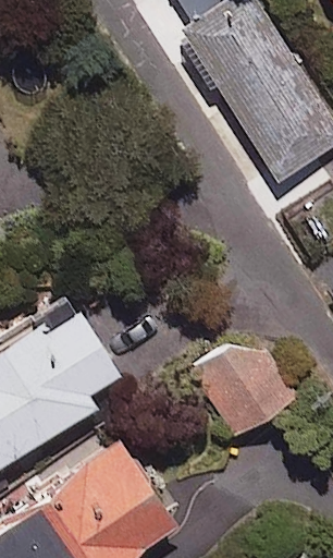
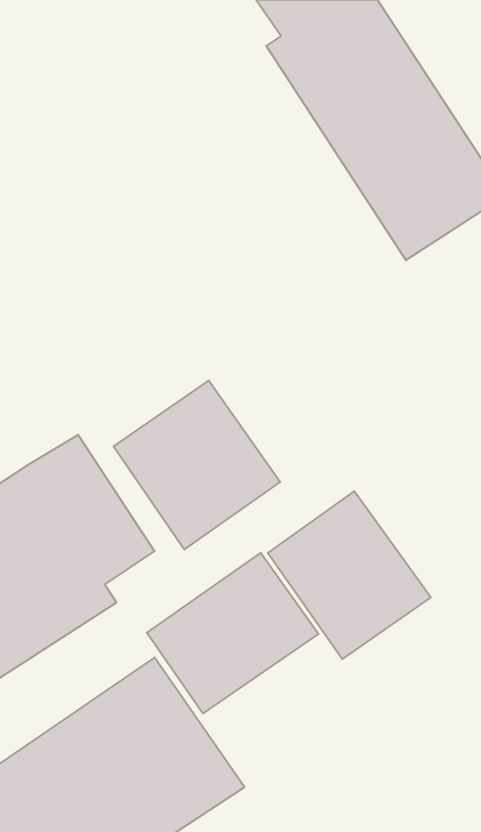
building: none -> [114,380,280,550]
building: none -> [147,553,318,713]

